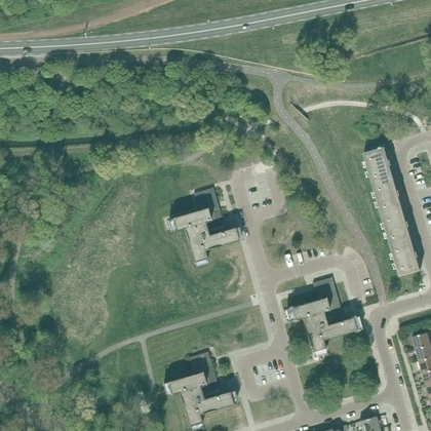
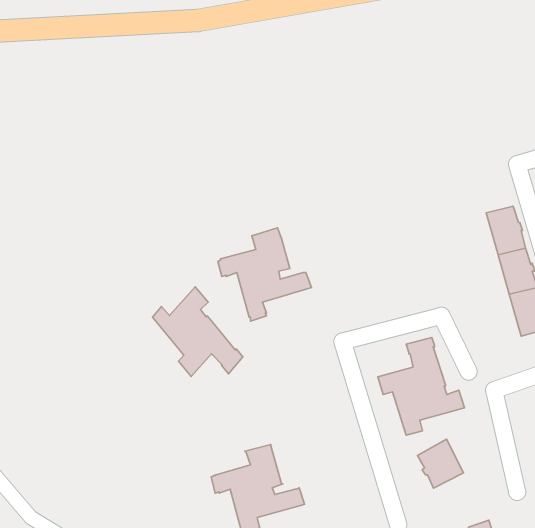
building: [363,147,393,183] -> none
building: none -> [152,287,243,377]
building: none -> [417,439,463,488]

